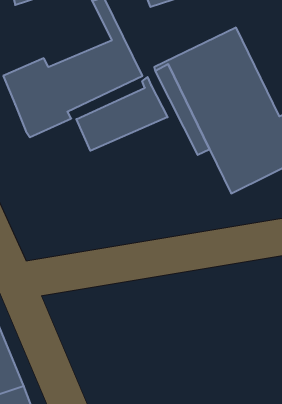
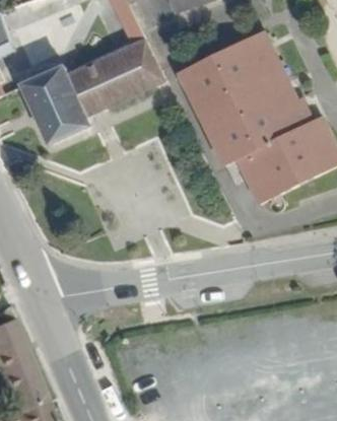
building: [76,77,168,151] -> none

